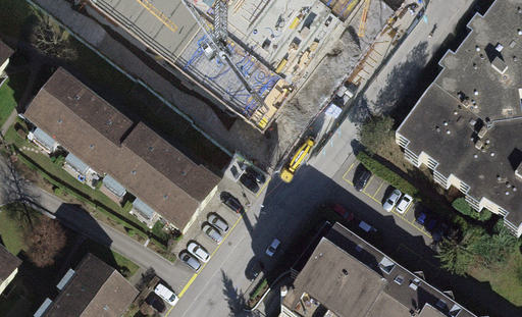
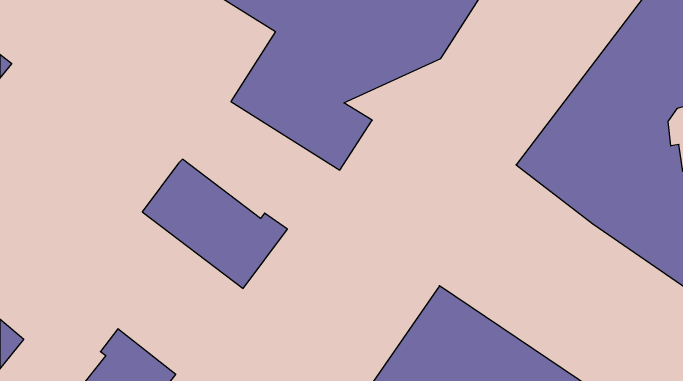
building: [29,73,136,172] -> none

